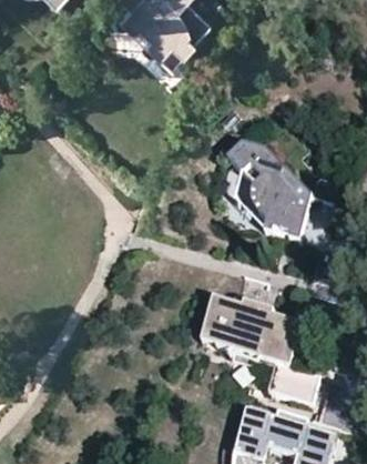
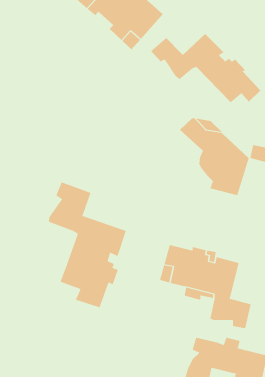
building: none -> [150,33,261,103]
building: none -> [48,181,127,308]

